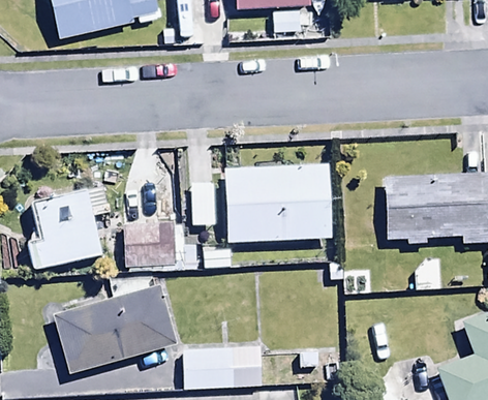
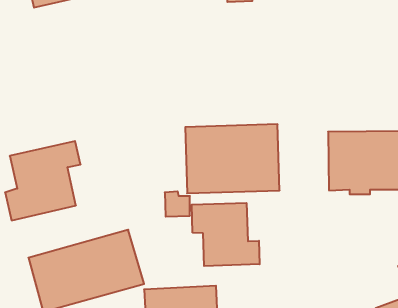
building: [124,220,183,266] -> none
building: none -> [192,203,260,266]

